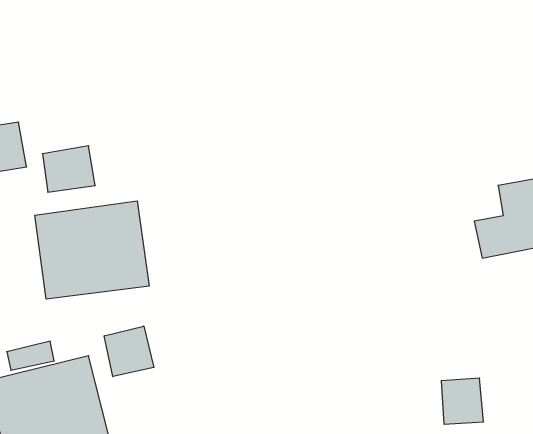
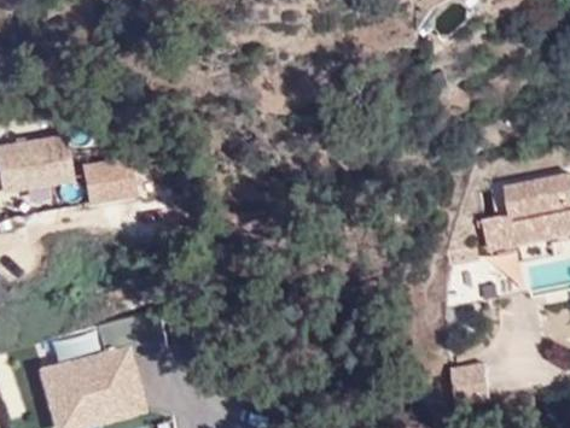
building: [35,201,149,299] -> none
building: [104,326,154,377] -> none

